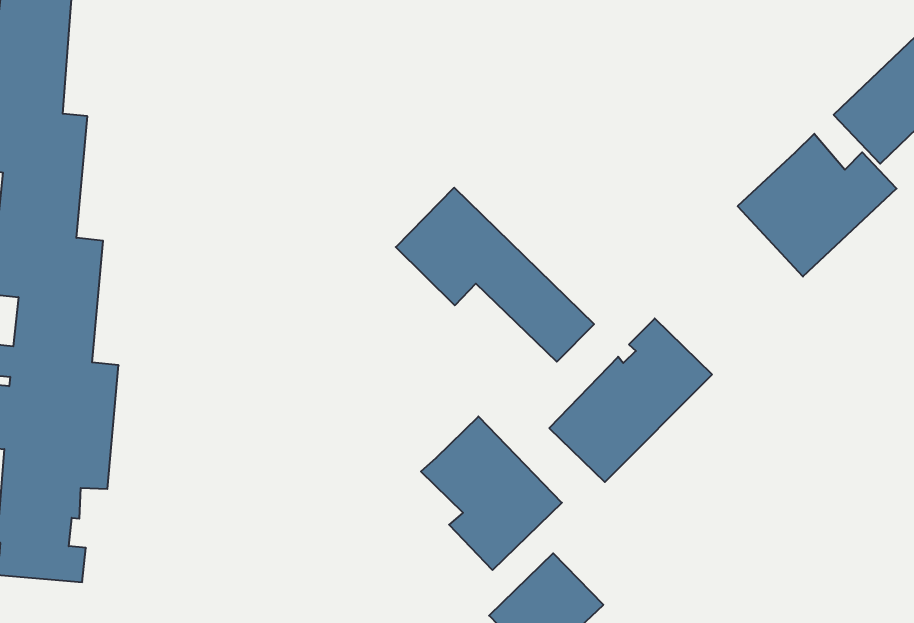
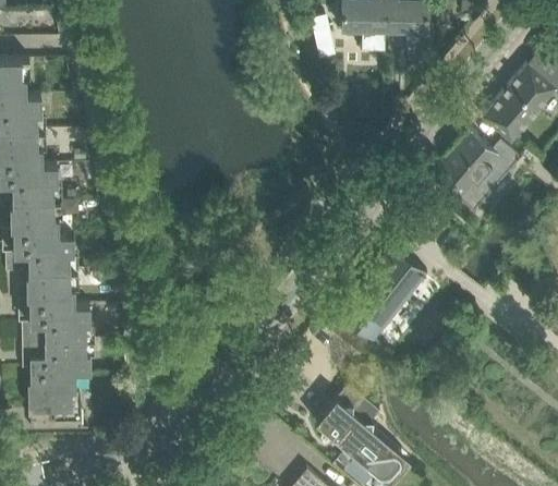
building: [396,188,594,362] -> none
building: [421,416,562,570] -> none

